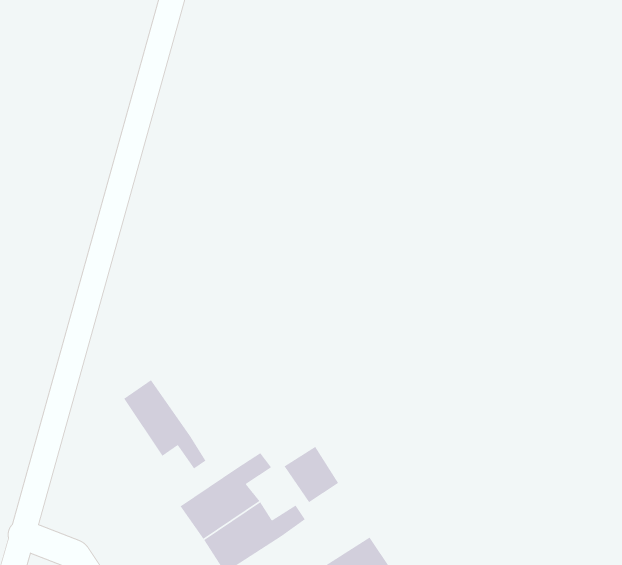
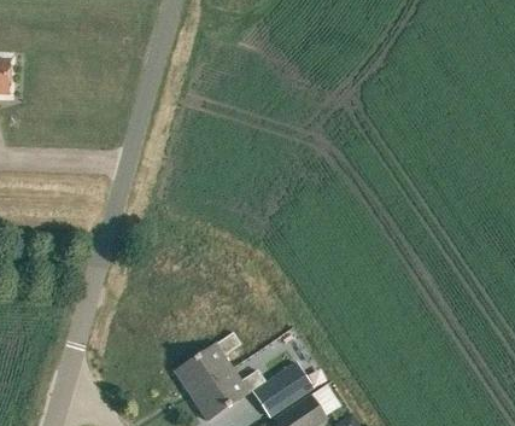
building: [123,379,207,469] -> none
building: [284,446,339,503] -> [273,361,312,402]

